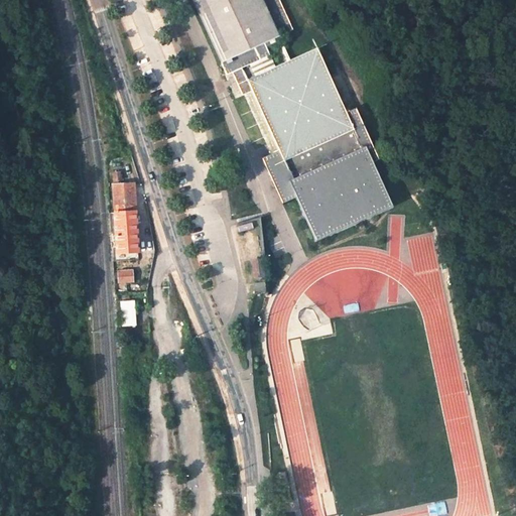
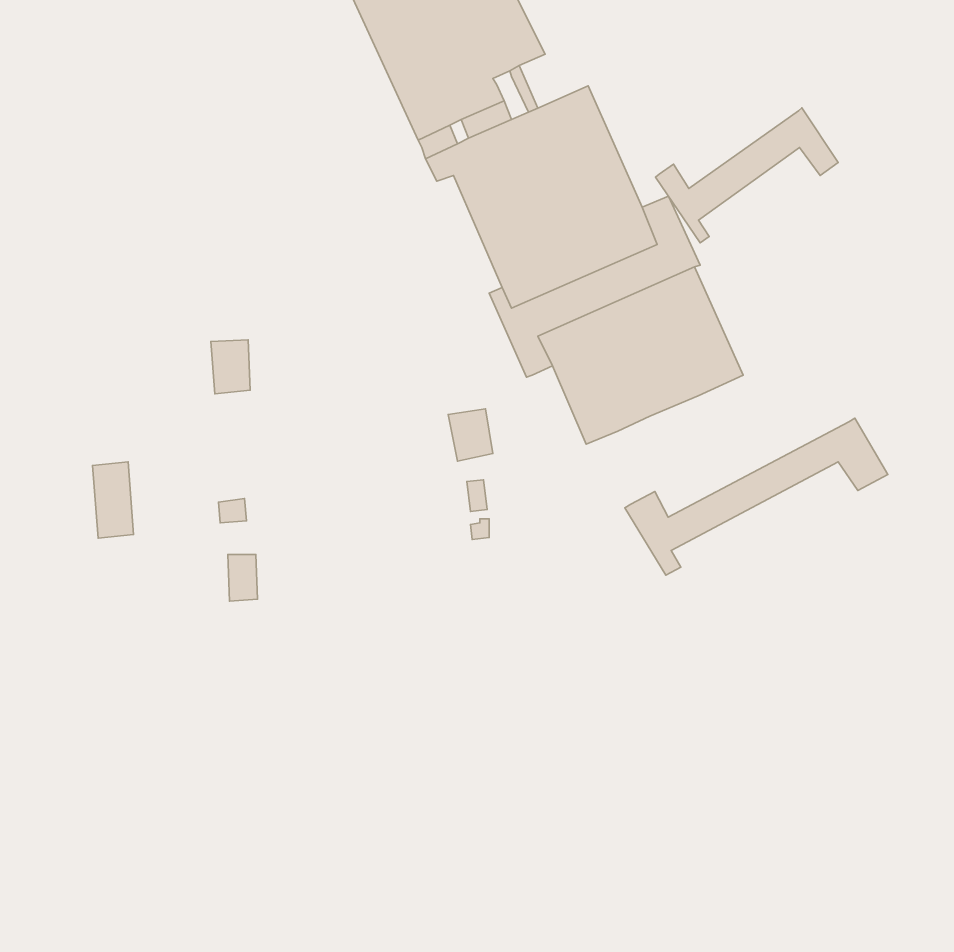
building: none -> [656,108,838,243]
building: [116,211,138,252] -> [93,462,134,538]
building: none -> [625,418,888,575]

